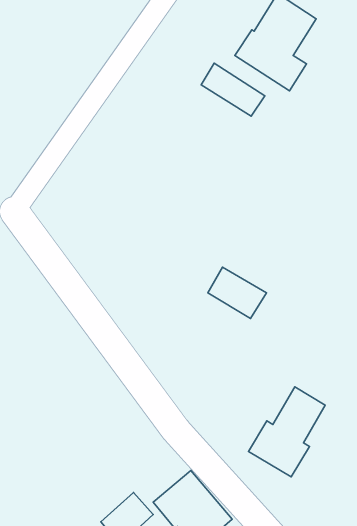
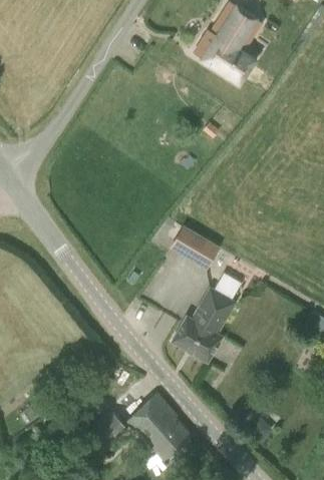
building: [201,63,265,116] -> none
building: [249,387,325,477] -> [173,288,236,362]

